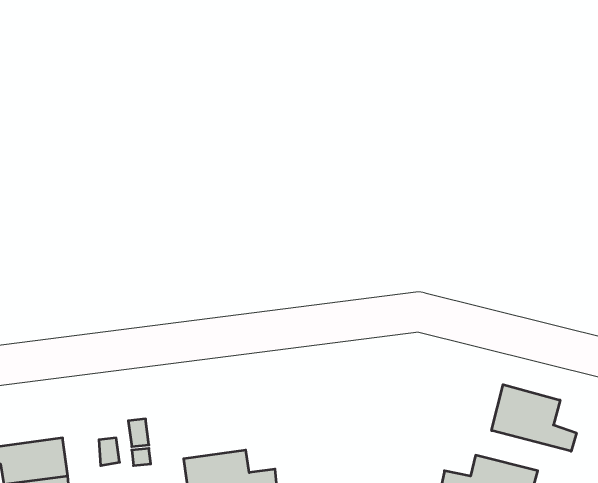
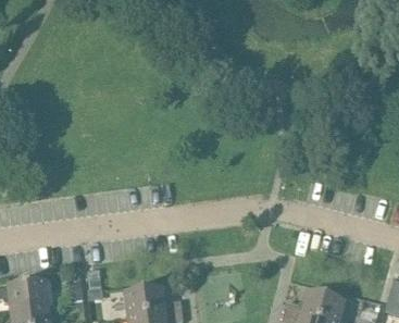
building: [492,385,576,451] -> none

